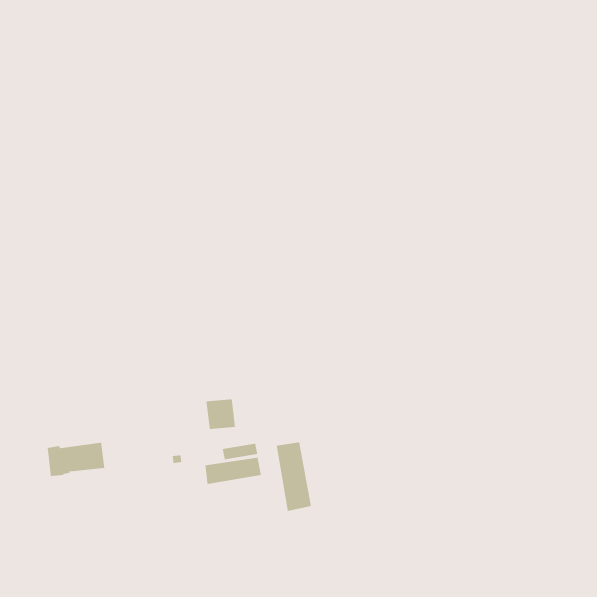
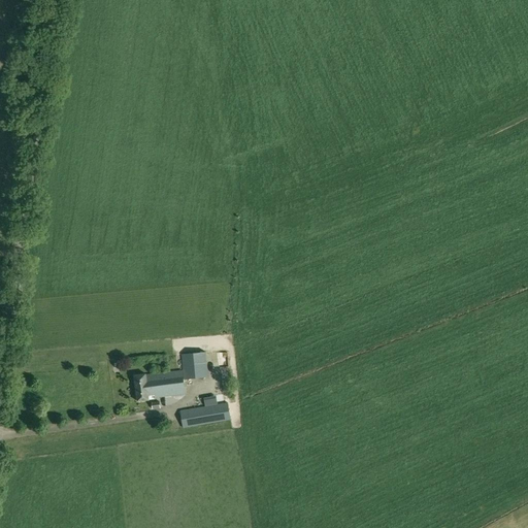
building: [276,441,312,512] -> none
building: [47,442,105,477] -> [134,370,186,401]

